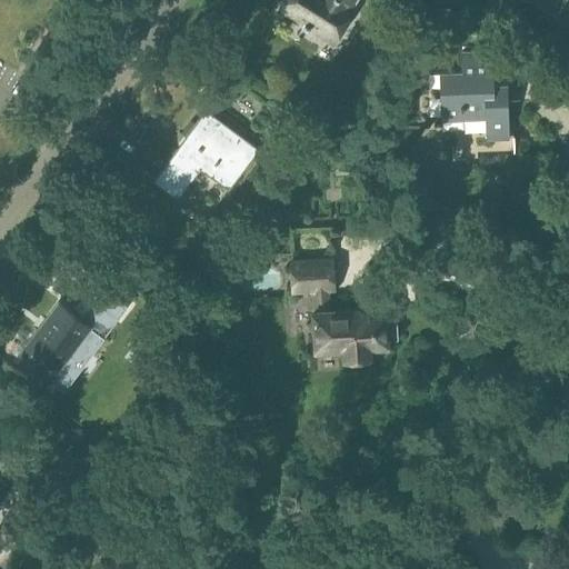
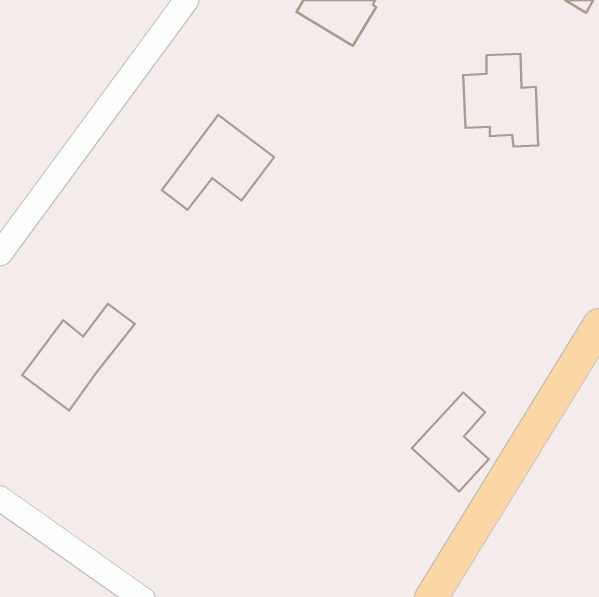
building: [289,260,399,367] -> none
building: none -> [412,392,489,492]

